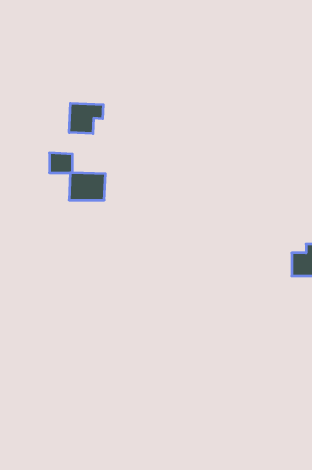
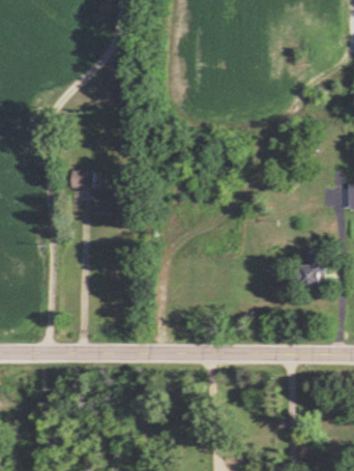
building: [69,103,103,134] -> none

